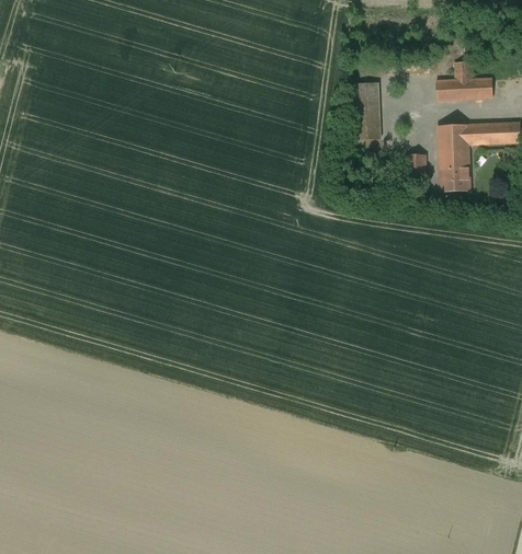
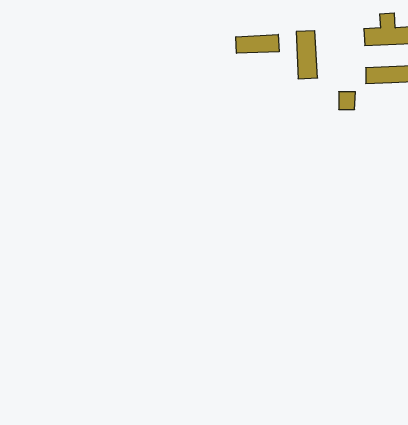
building: none -> [236,34,279,53]
building: [438,143,469,192] -> none

